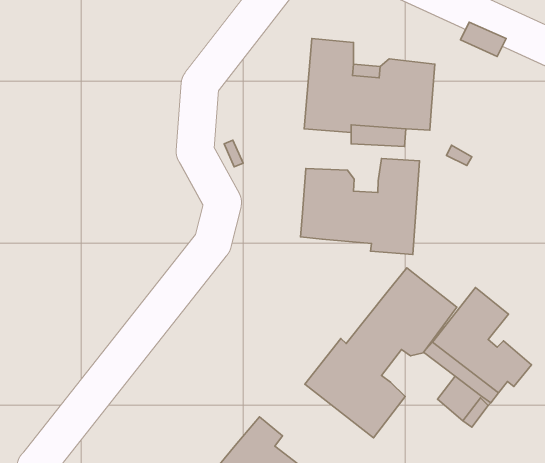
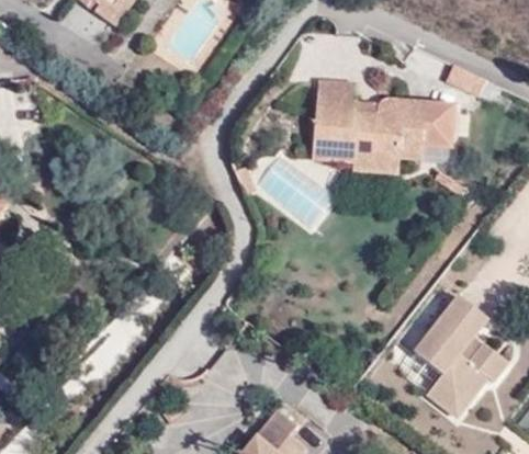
building: none -> [421,103,453,146]
building: [301,159,419,254] -> none
building: [305,268,457,438] -> none

